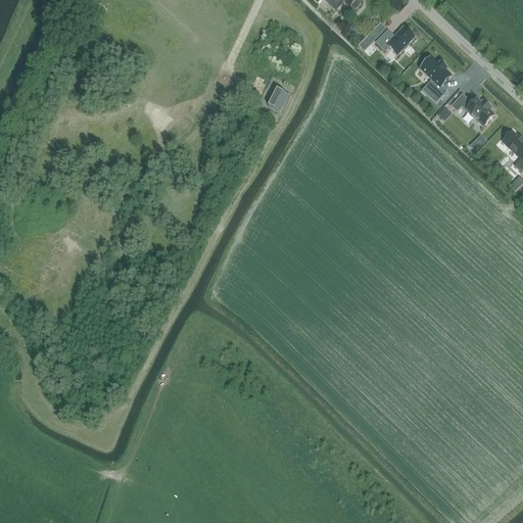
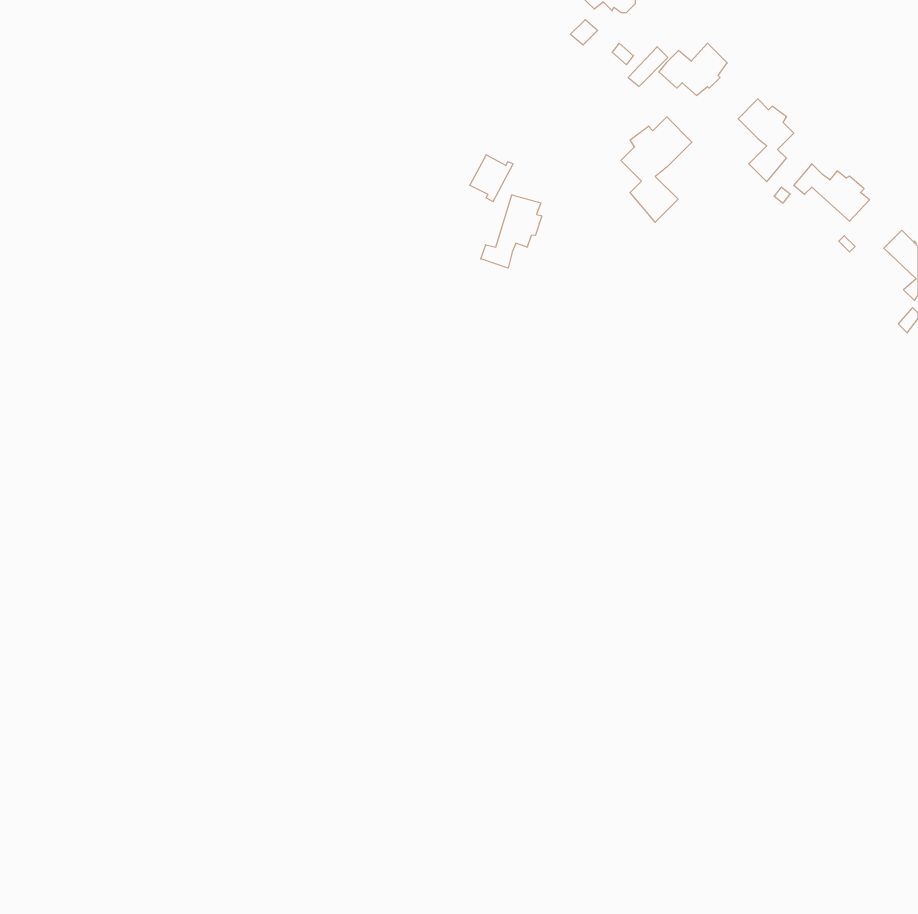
building: none -> [621,117,692,222]
building: none -> [481,195,542,268]

